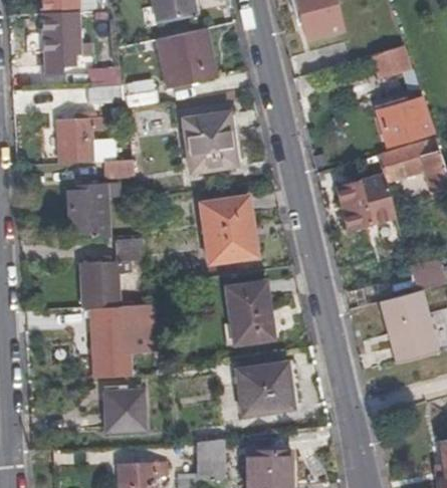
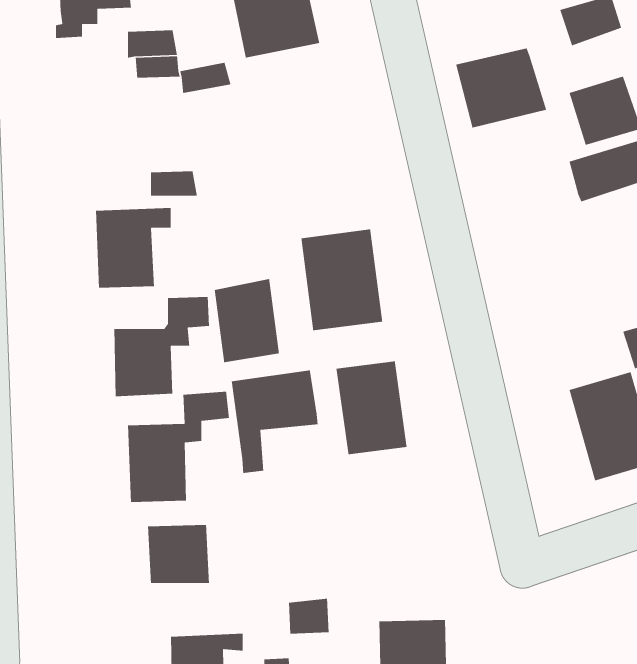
building: [187,114,239,174] -> none
building: [57,118,102,164] -> none
building: [338,176,398,229] -> [455,47,547,129]
building: none -> [214,278,280,363]
building: none -> [231,370,319,474]
building: [238,364,293,416] -> none

